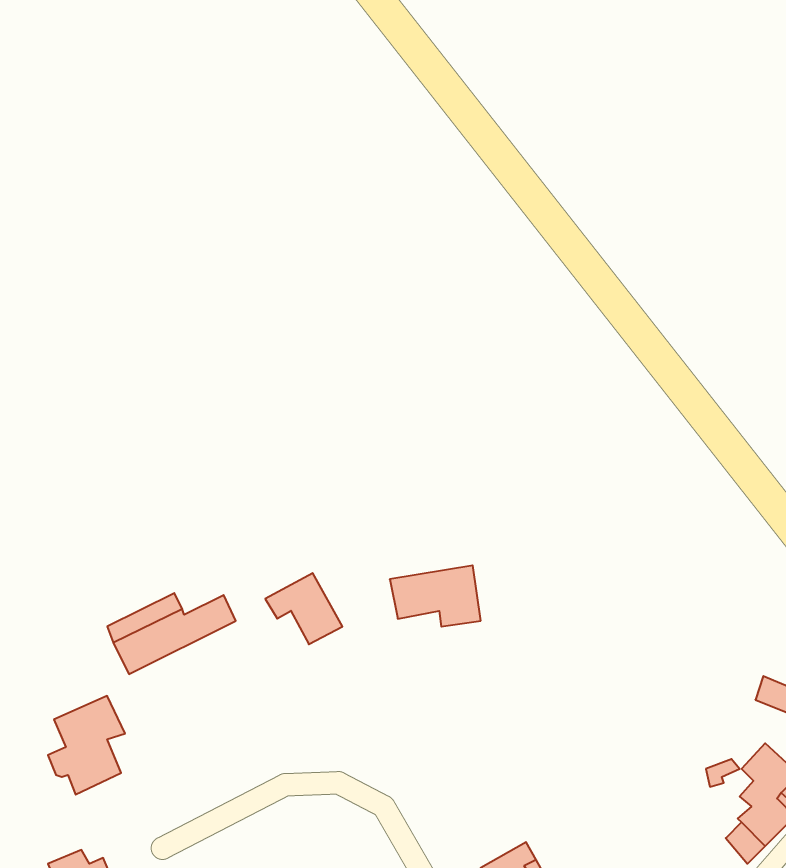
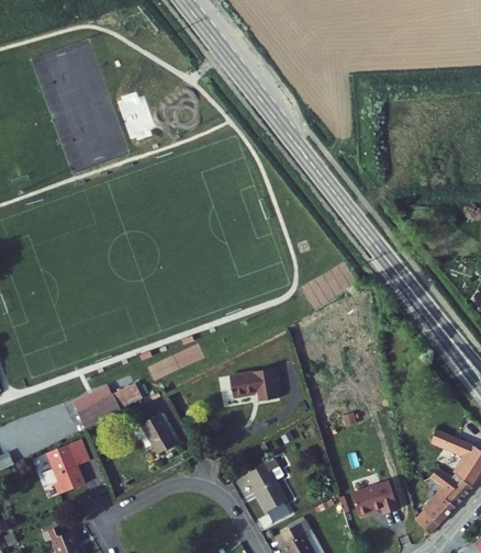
building: [265,573,342,644] -> [135,416,178,455]
building: none -> [247,458,288,510]
building: none -> [350,481,398,518]

